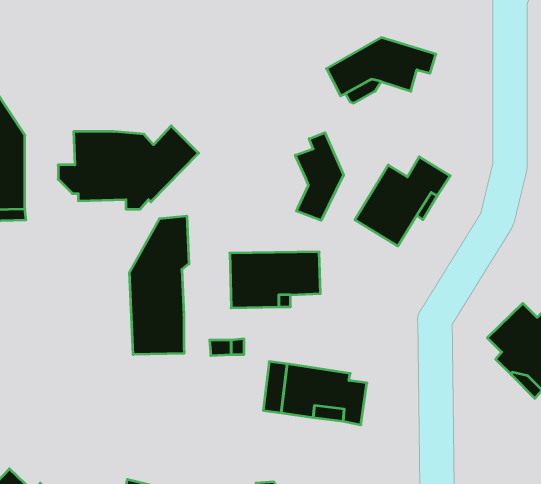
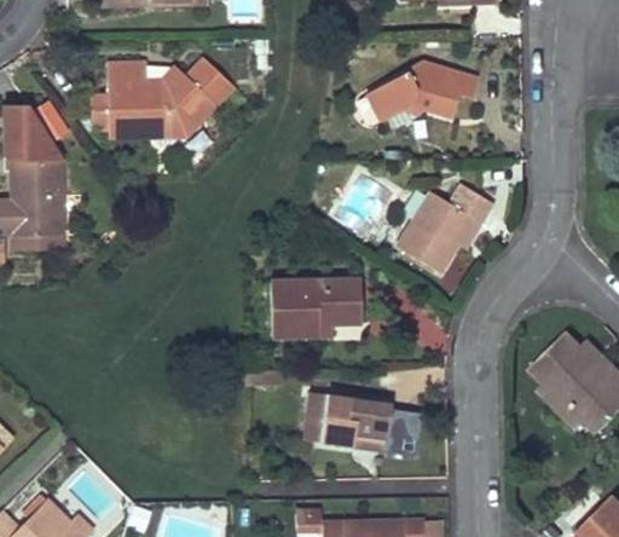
building: [58,126,199,209] -> [91,58,233,143]
building: [295,133,343,220] -> none
building: [130,216,189,355] -> none

